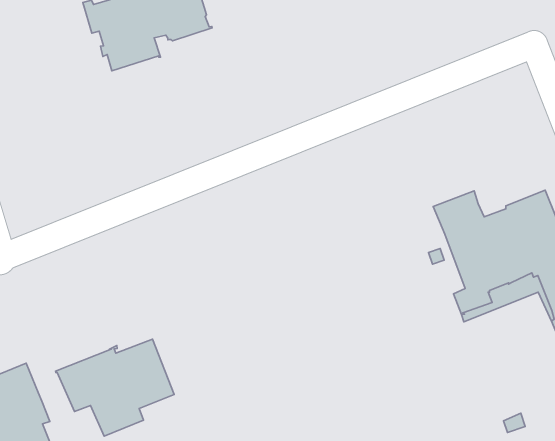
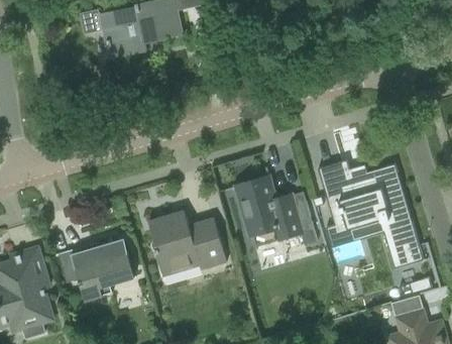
building: none -> [225,167,317,248]
building: none -> [148,211,226,280]

